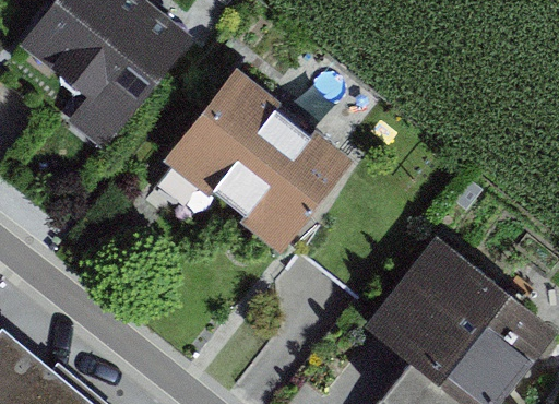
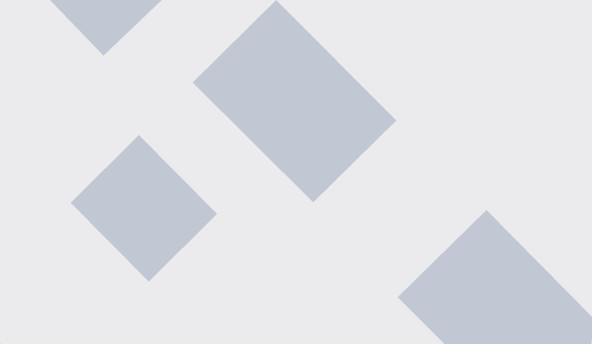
building: none -> [70,134,218,282]

